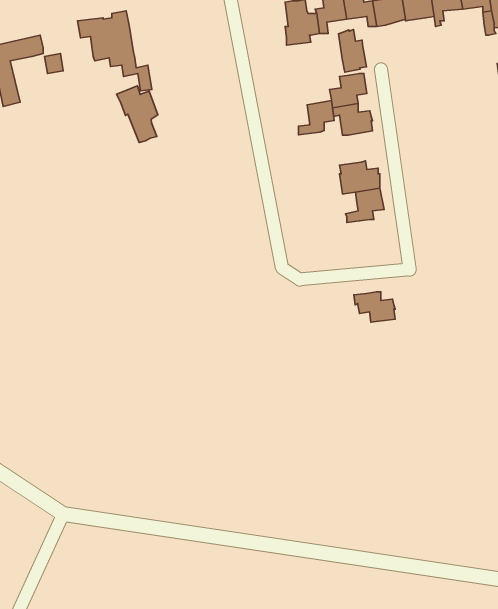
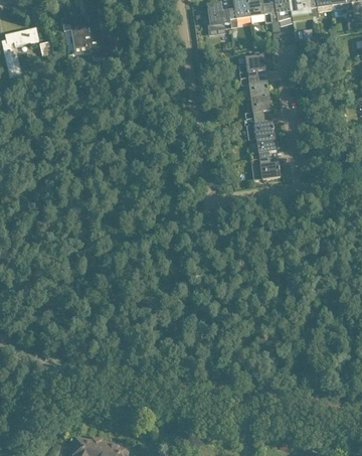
building: [338,30,366,72] -> none
building: [116,86,158,143] -> none
building: [298,101,334,135] -> [246,95,272,119]
building: [354,292,395,322] -> [251,157,281,178]

